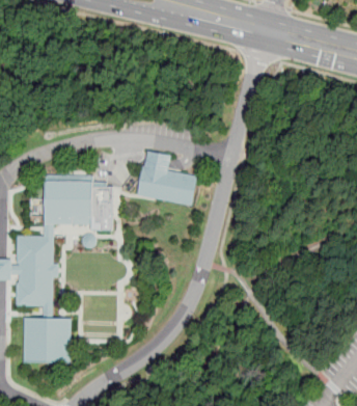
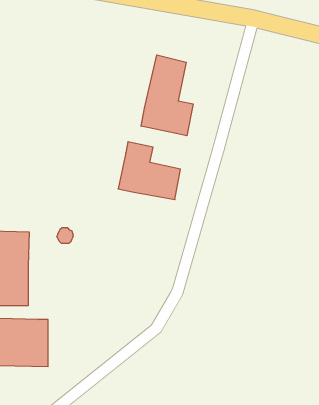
building: none -> [141,55,193,136]
building: [45,180,114,232] -> none

